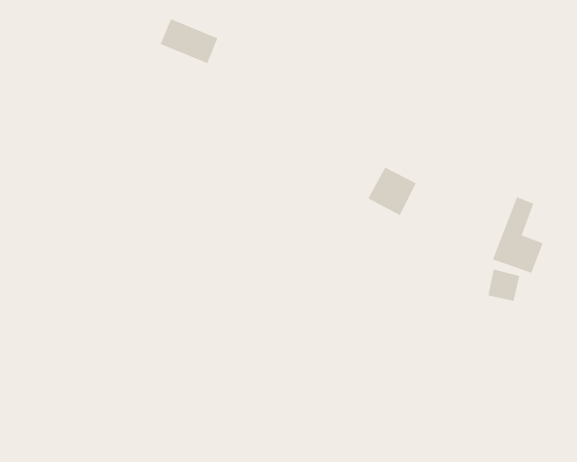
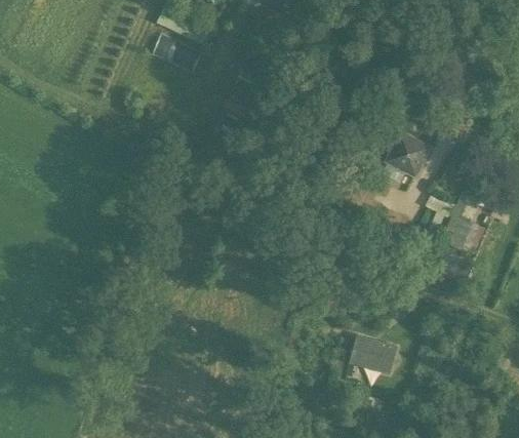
building: [367,167,416,216] -> [385,134,428,177]
building: none -> [350,335,394,371]

